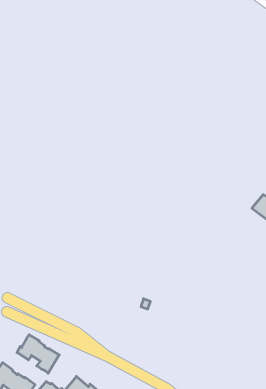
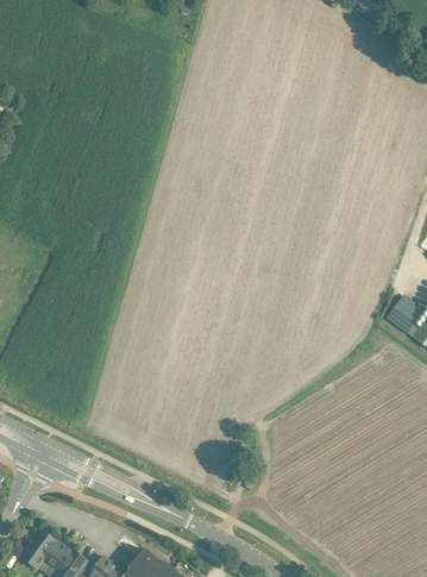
building: [17,335,59,373] -> none

